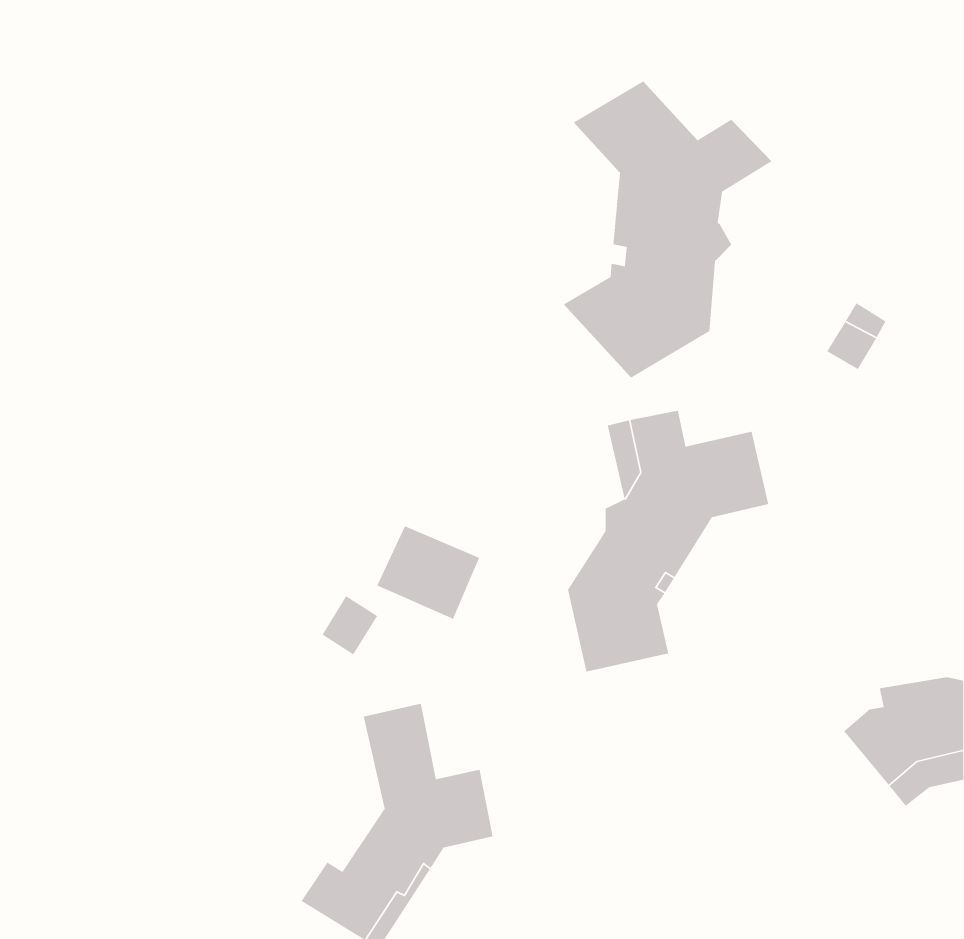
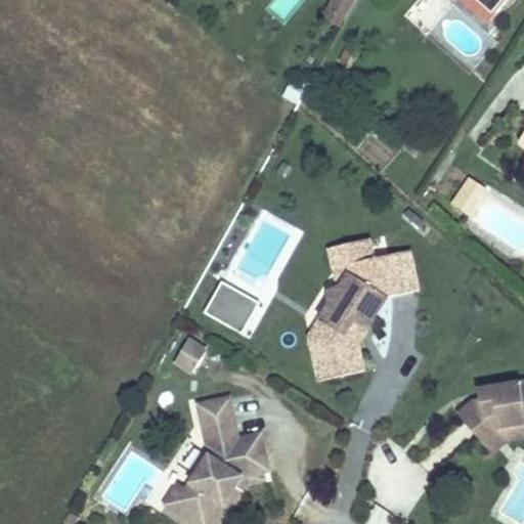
building: [563,80,773,379] -> none

